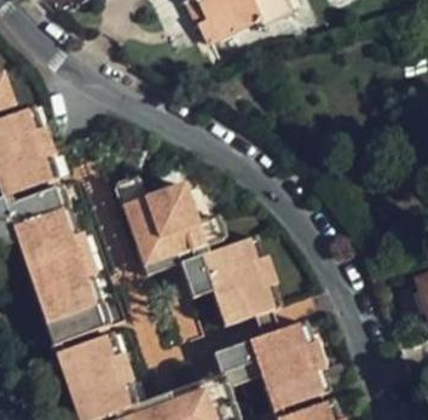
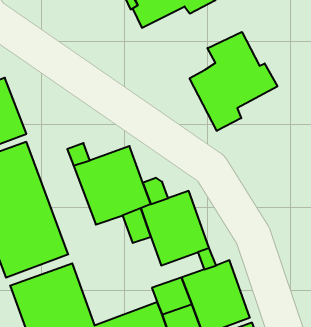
building: none -> [190,32,277,131]

